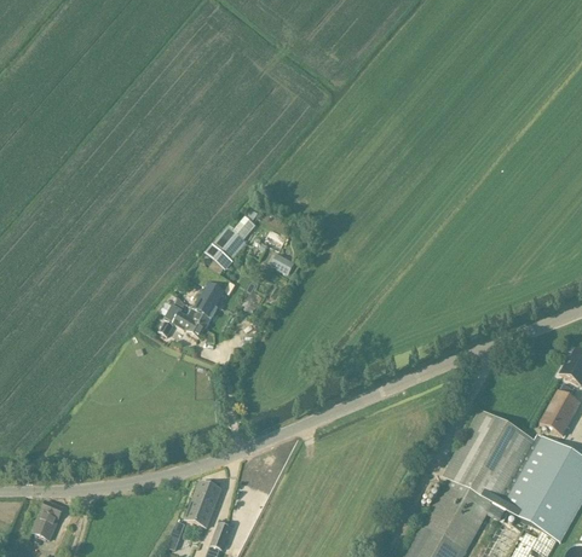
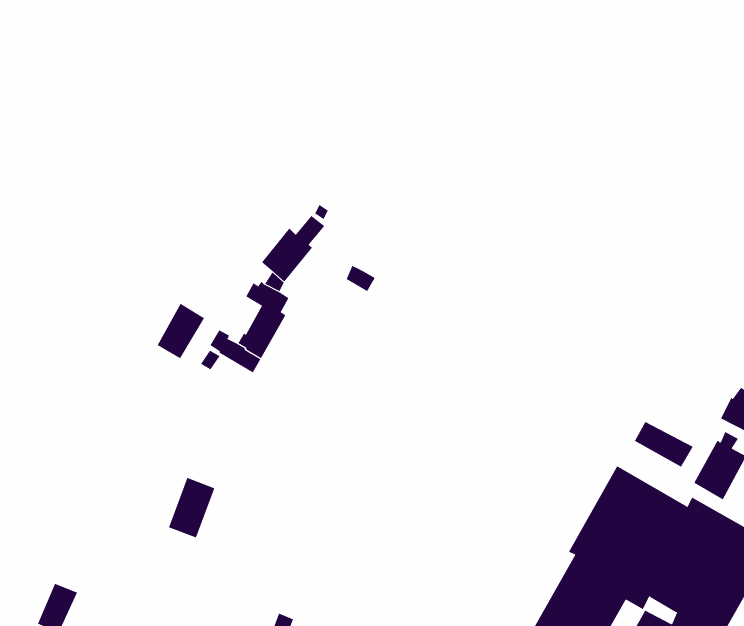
building: none -> [157,303,205,359]
building: none -> [634,421,693,467]
building: [186,480,223,527] -> [168,477,215,538]

